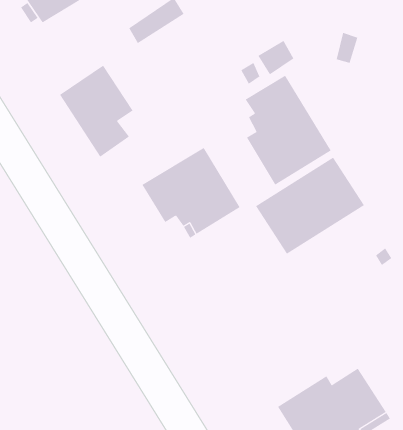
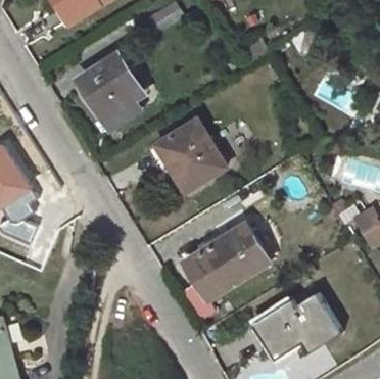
building: [245,75,331,185] -> none
building: [255,157,365,255] -> [184,223,270,299]

